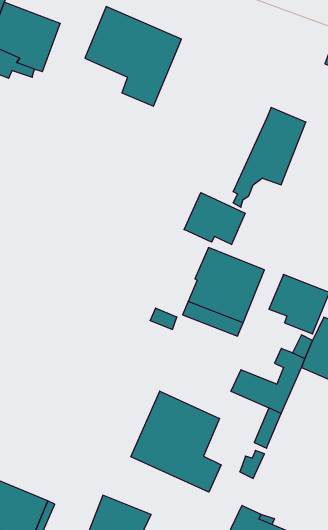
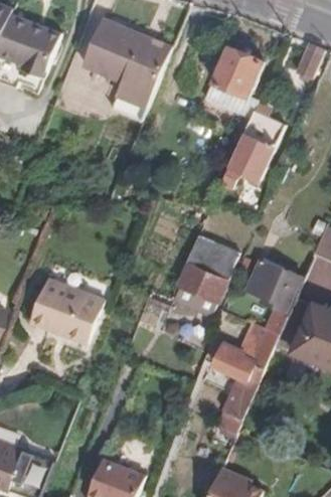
building: none -> [202,46,263,119]
building: [184,193,245,245] -> none
building: none -> [33,275,110,354]
building: [131,391,221,492] -> none

